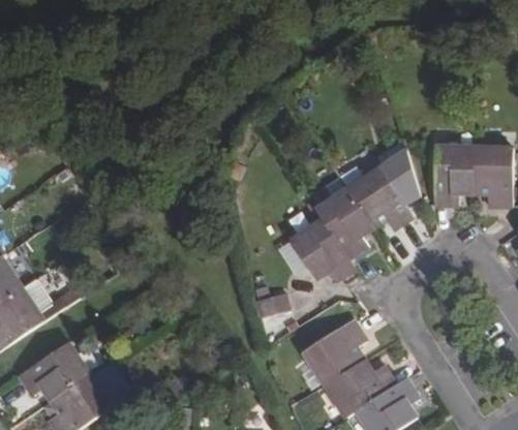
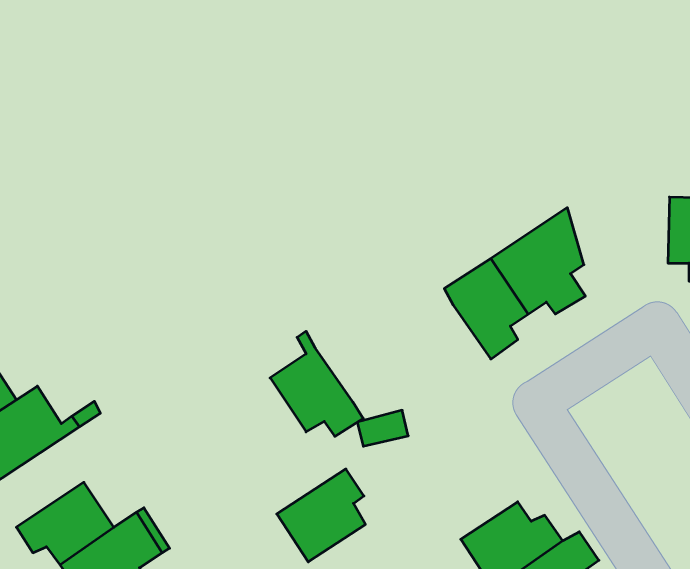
building: [429,146,470,204] -> none
building: [291,210,355,282] -> [270,331,363,436]
building: [305,318,366,382] -> [277,469,365,562]

